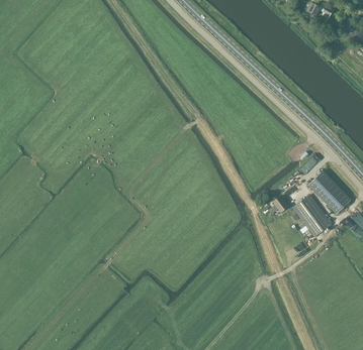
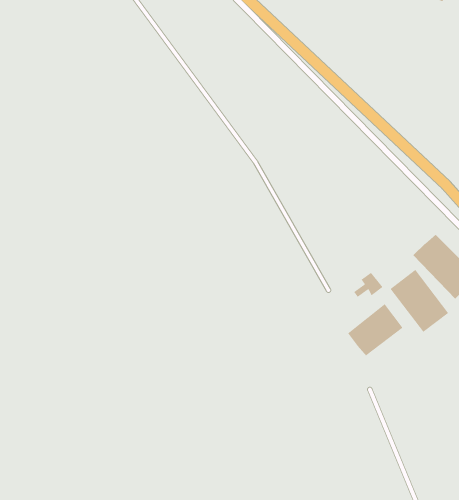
building: none -> [347,303,404,356]

